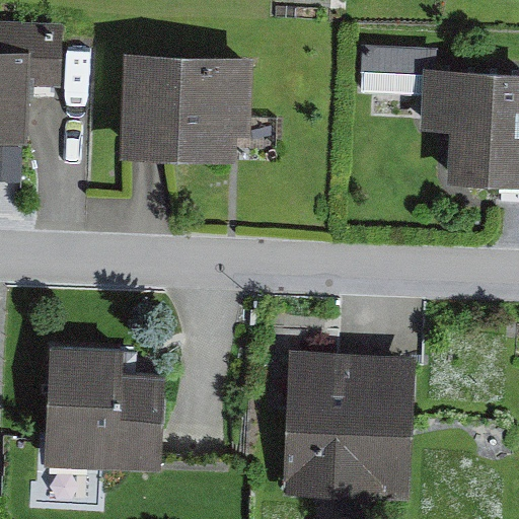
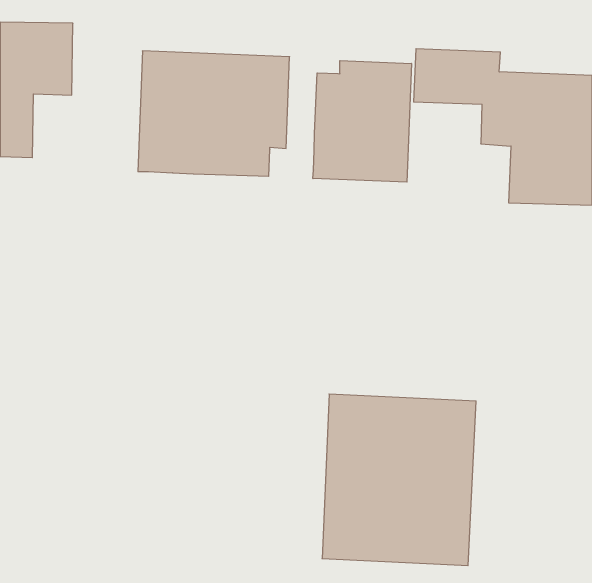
building: none -> [313,61,411,182]
building: [46,348,165,472] -> none

